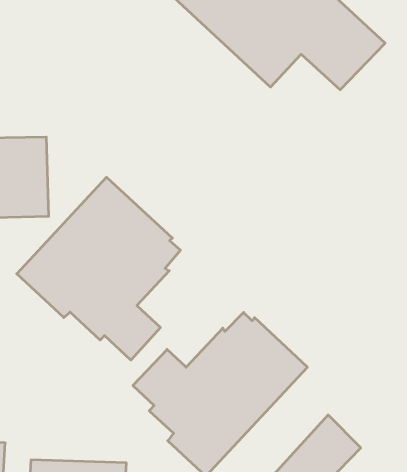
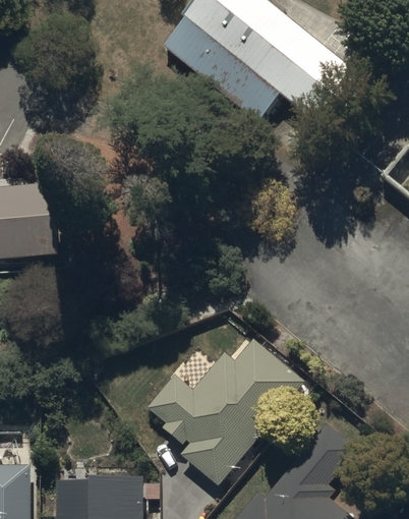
building: [17,177,180,360] -> none

